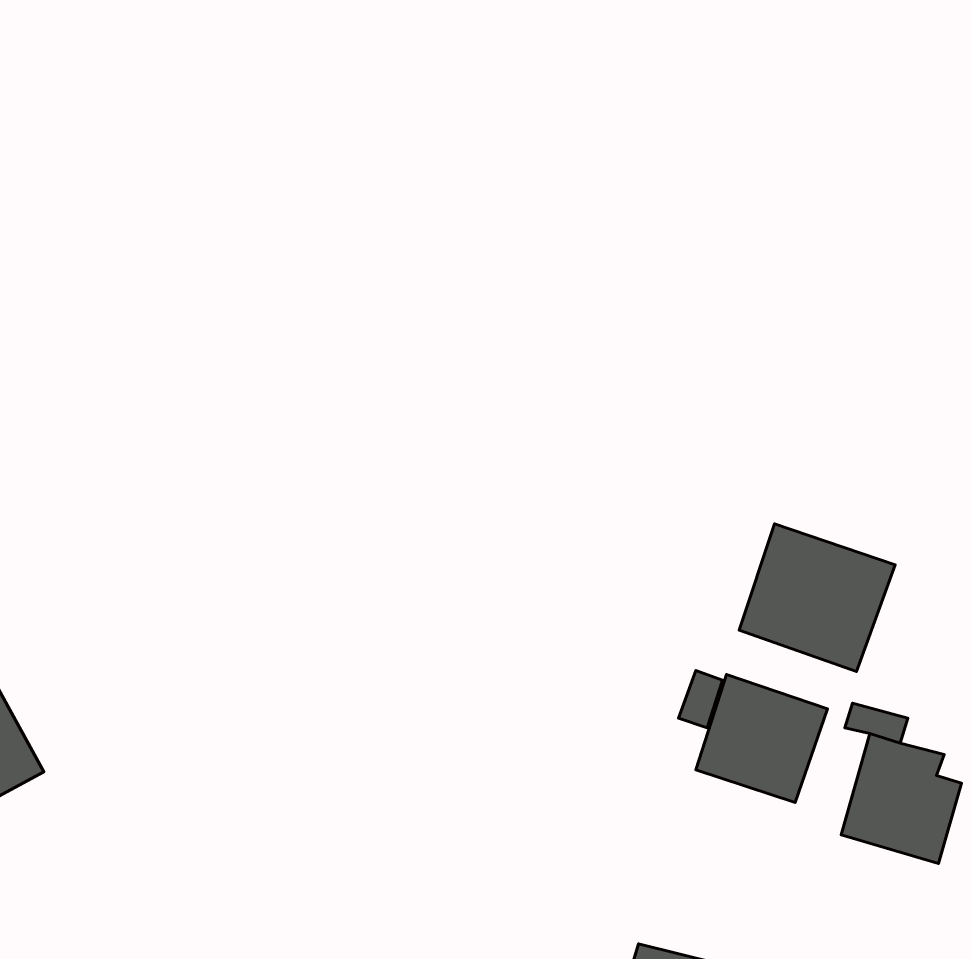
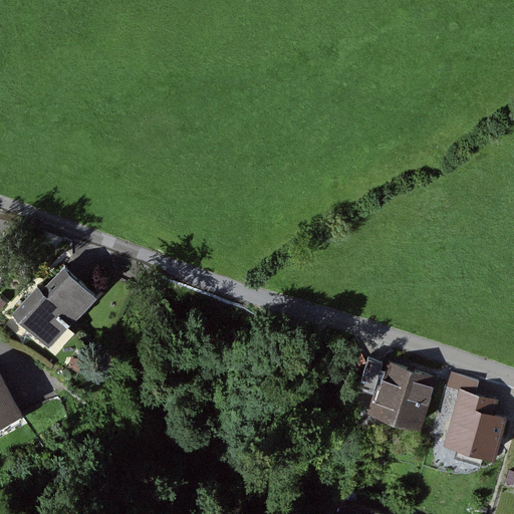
building: none -> [15,274,94,350]
building: [739,524,895,671] -> none

